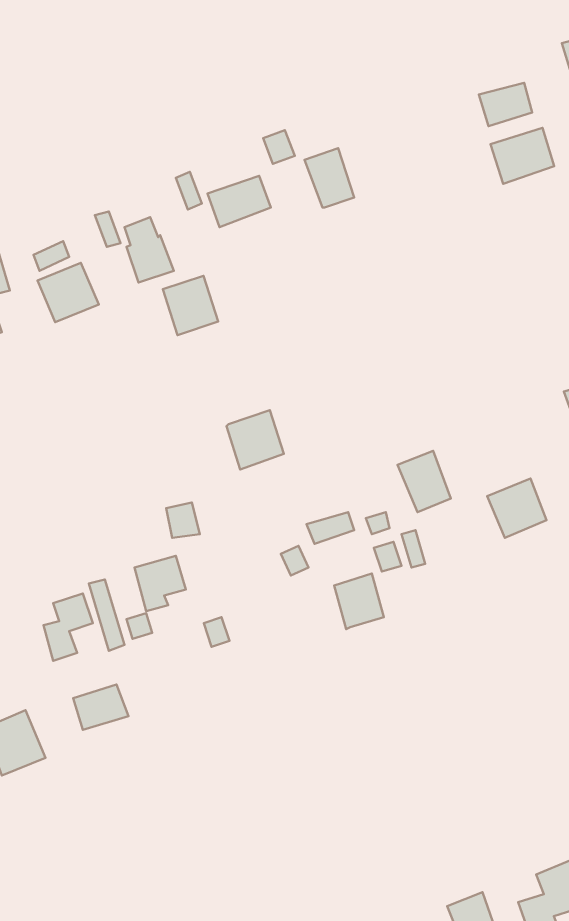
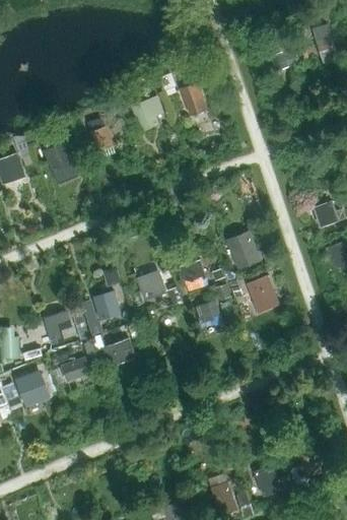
building: [491,128,554,184] -> none
building: [163,276,218,335] -> none
building: [226,410,284,470] -> [137,270,166,301]
building: [487,478,546,538] -> [246,275,276,306]
building: none -> [100,338,136,367]

